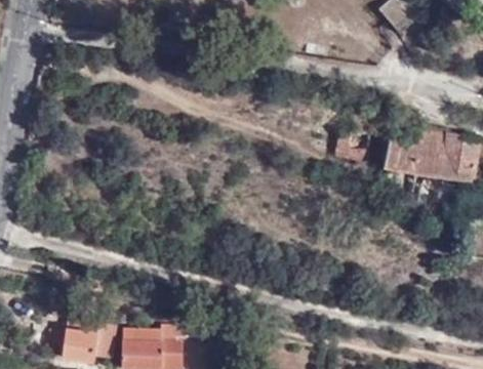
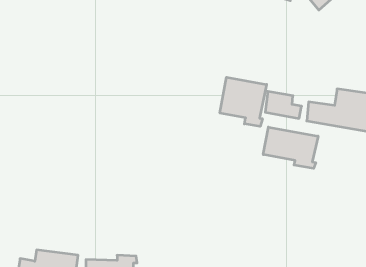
building: none -> [220,77,267,126]
building: none -> [263,127,318,168]

